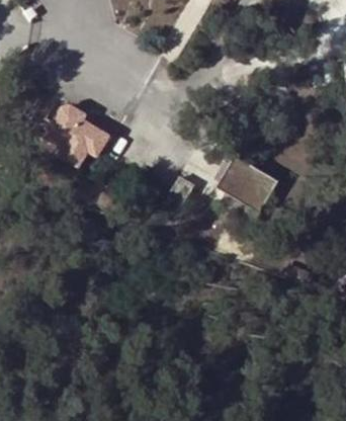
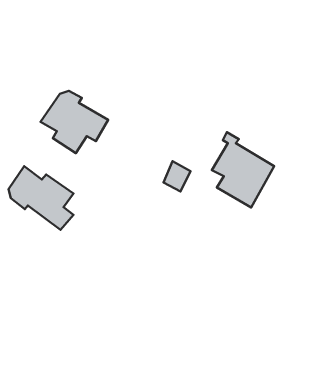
building: none -> [8,166,74,230]

